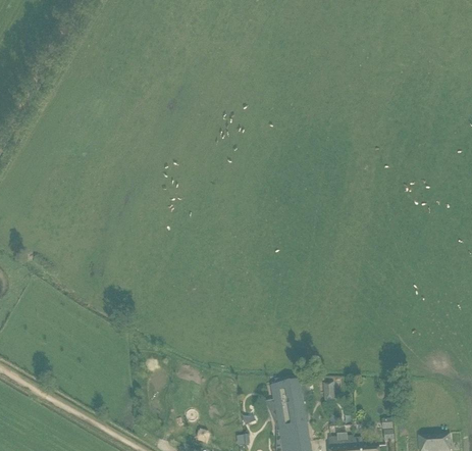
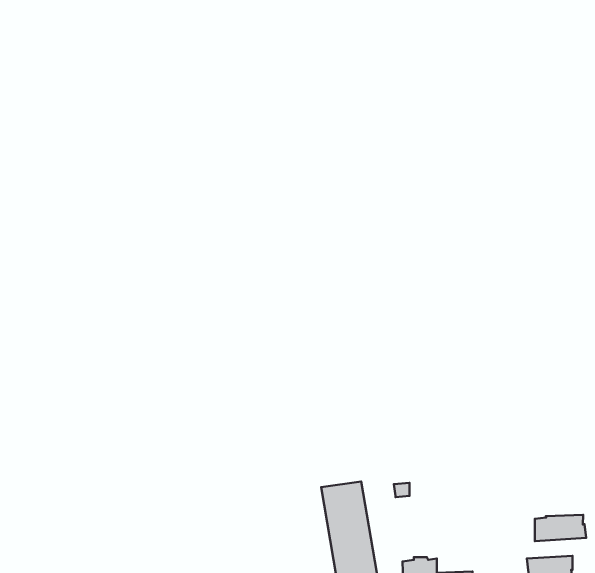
building: none -> [535,515,586,541]

